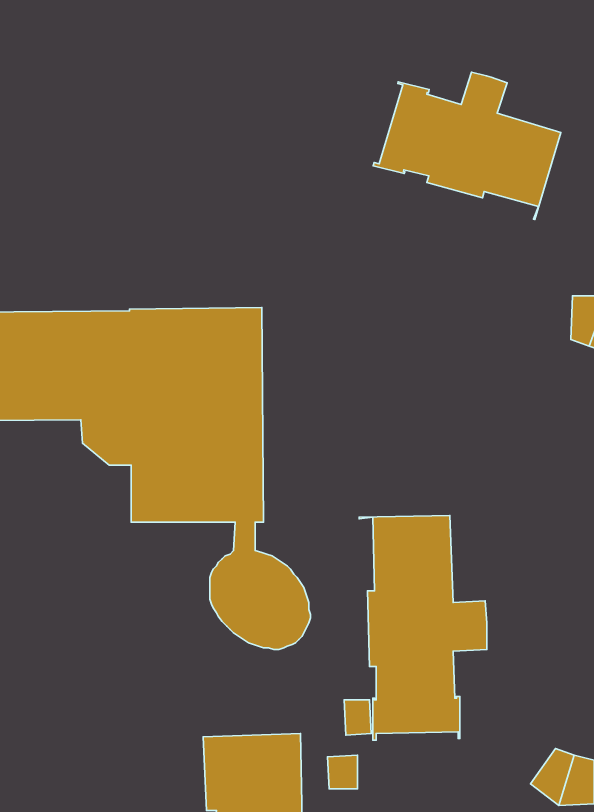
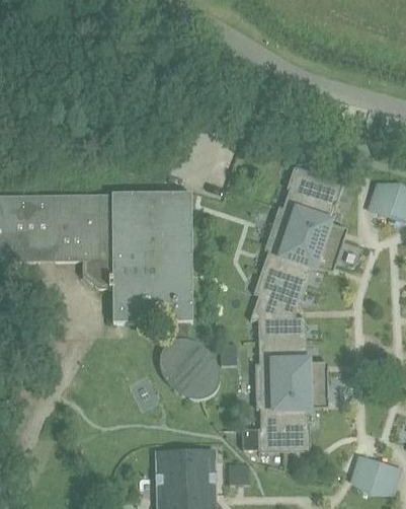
building: [373,72,561,219] -> none
building: none -> [251,163,345,318]

